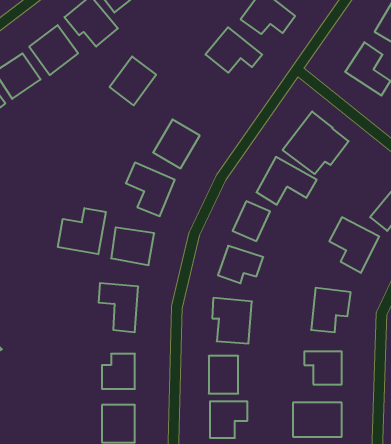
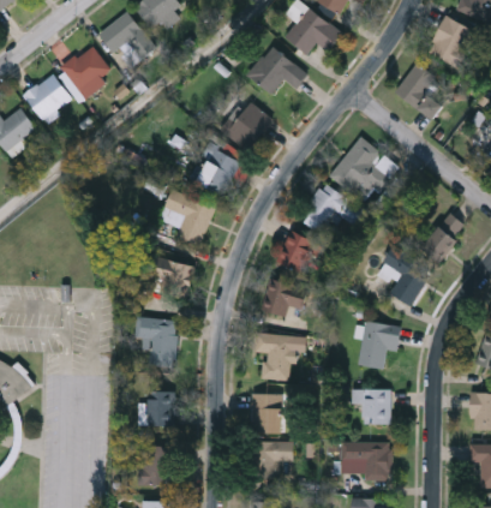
building: [110,56,156,105] -> [223,100,273,151]
building: [58,208,106,254] -> none

